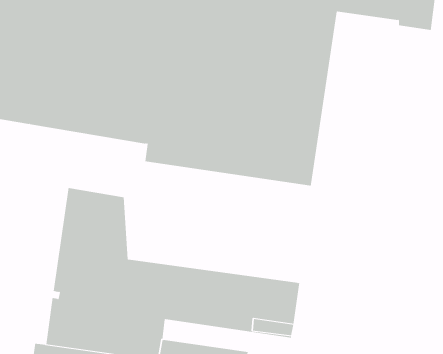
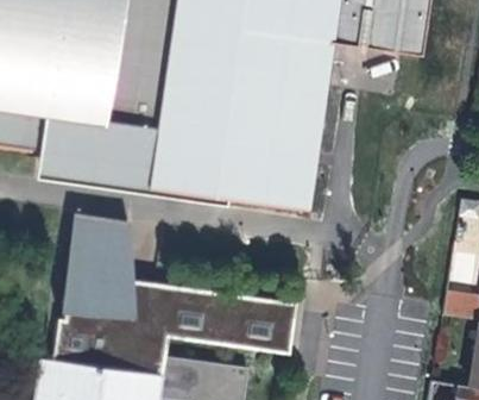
building: none -> [34,150,150,193]

